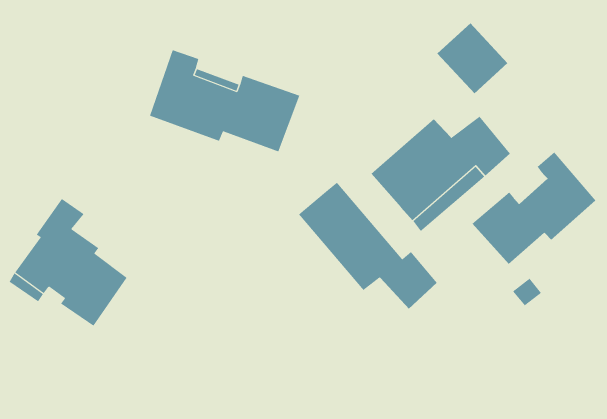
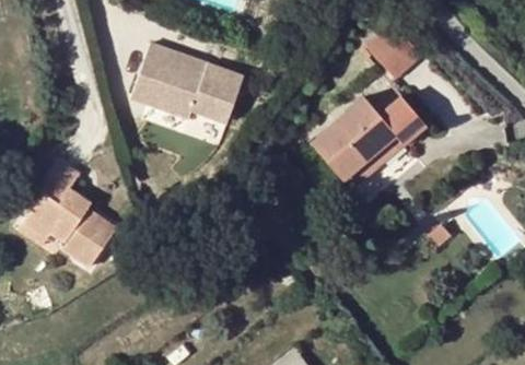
building: [472,152,596,265] -> none
building: [298,182,437,309] -> none

